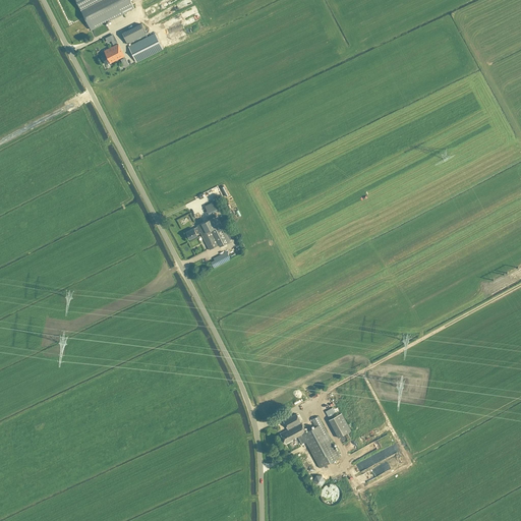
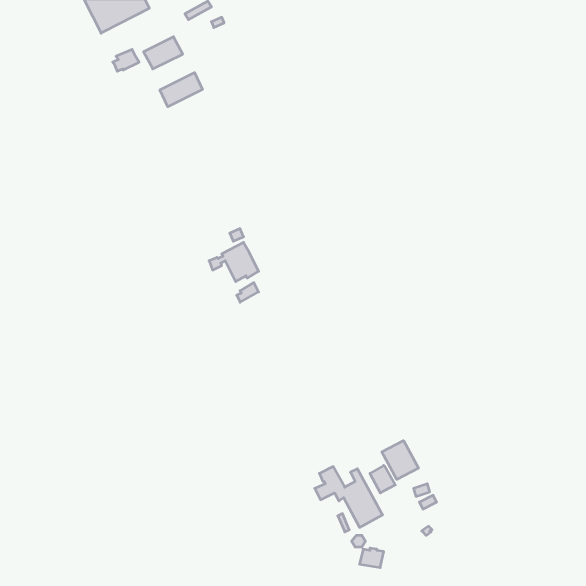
building: none -> [160,73,202,107]
building: none -> [382,441,418,479]

